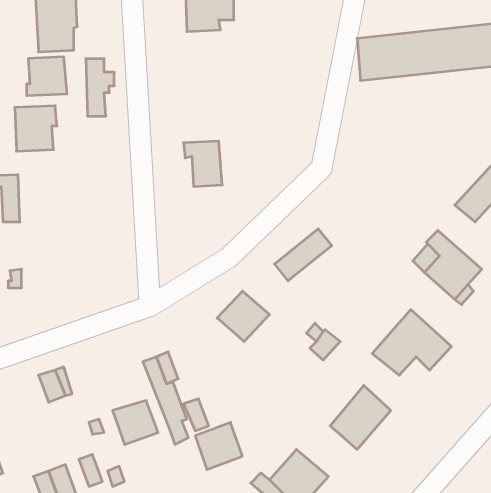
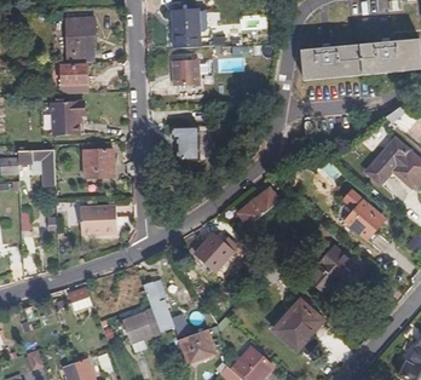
building: [86,59,114,116] -> [174,51,195,92]
building: none -> [83,146,113,175]
building: none -> [81,202,116,231]

